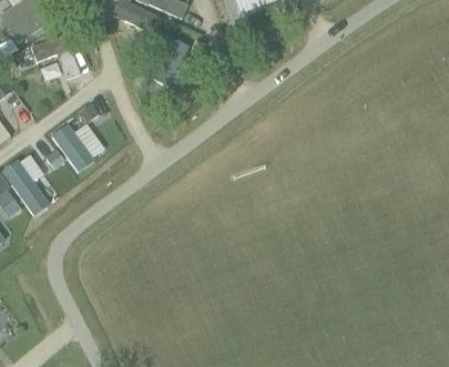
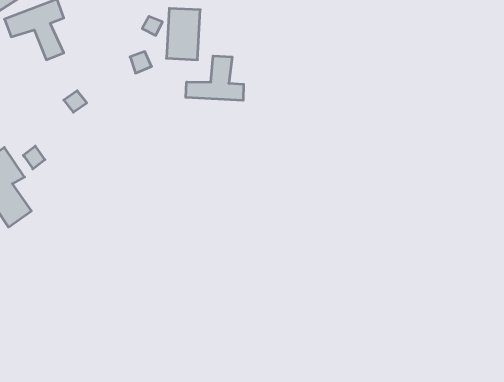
building: none -> [186,56,244,100]
building: [50,121,96,173] -> none

